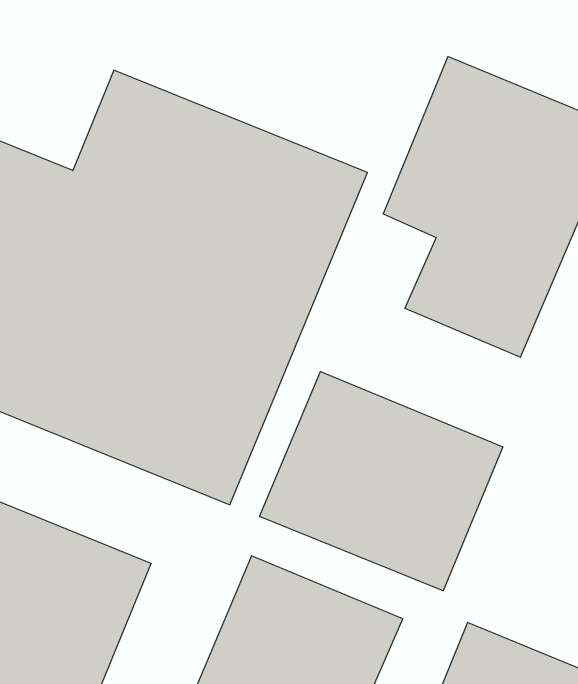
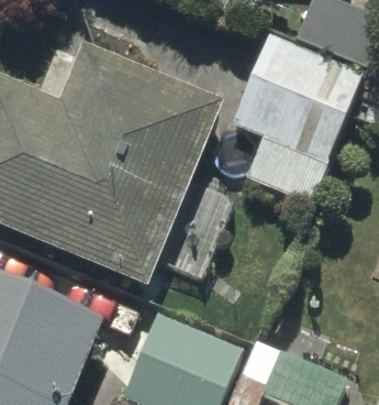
building: [259,371,503,591] -> none

